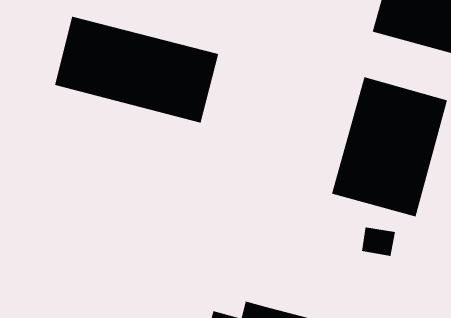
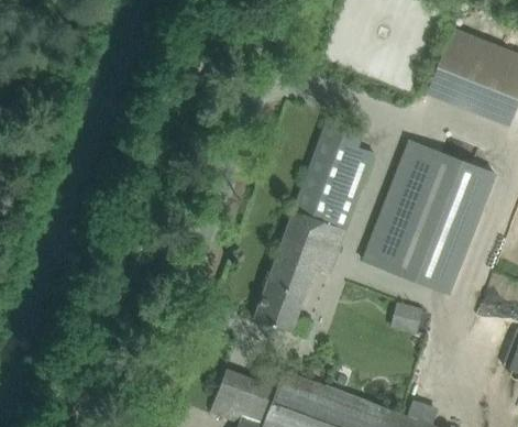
building: [55,16,219,123] -> none
building: none -> [253,119,374,332]

